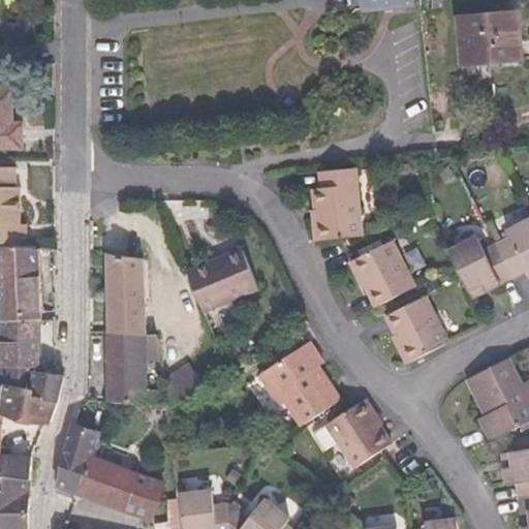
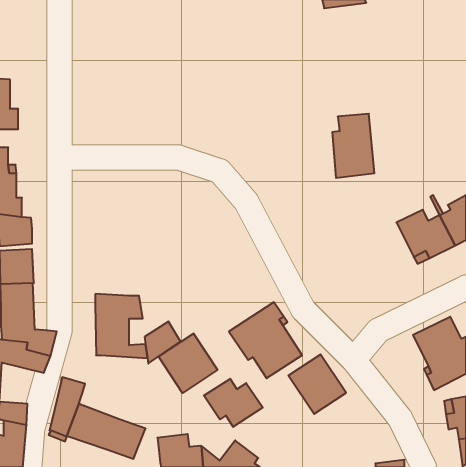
building: [457,10,522,65] -> none
building: [314,168,362,241] -> [332,114,374,178]
building: [352,240,414,306] -> none
building: [186,248,258,312] -> none
building: [105,254,146,334] -> none
building: [385,297,447,363] -> none
building: none -> [159,333,217,393]
building: none -> [204,379,263,427]

